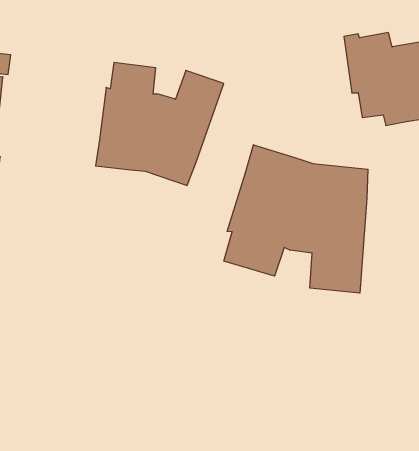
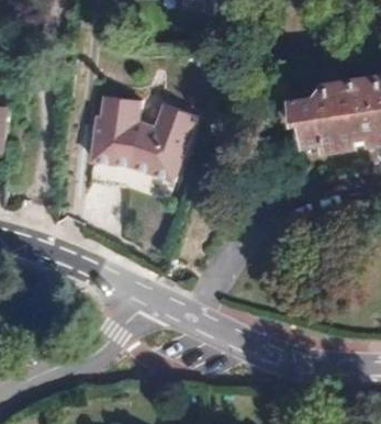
building: [224,145,368,293] -> none

